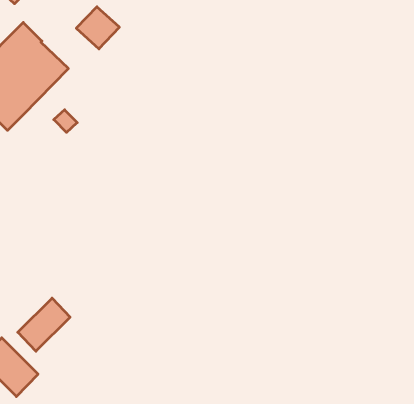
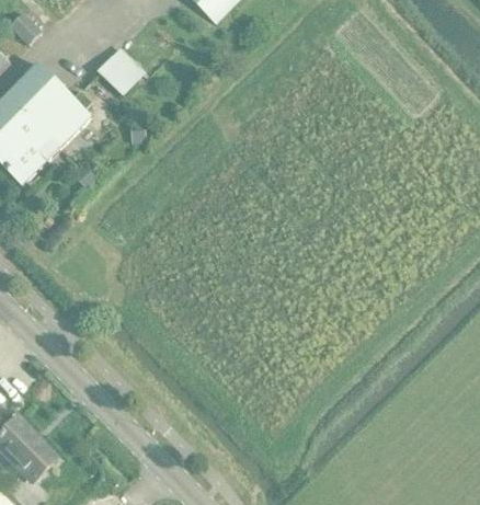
building: [18,298,70,351] -> none

